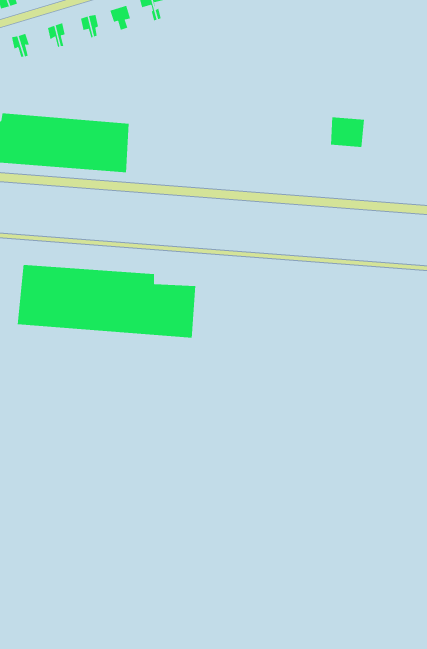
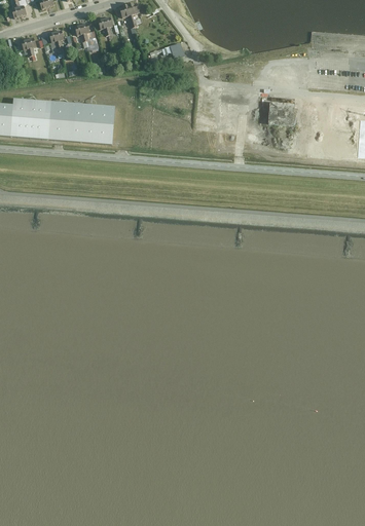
building: [17,264,196,339] -> none

